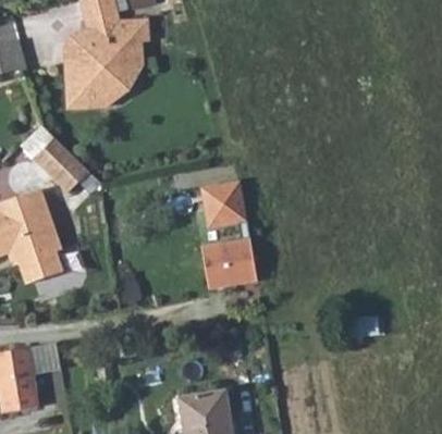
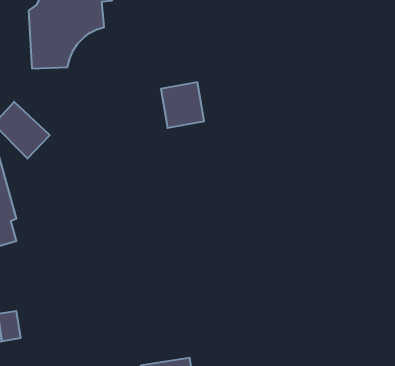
building: [202,181,245,225] -> [161,82,204,128]
building: [201,237,256,289] -> none

